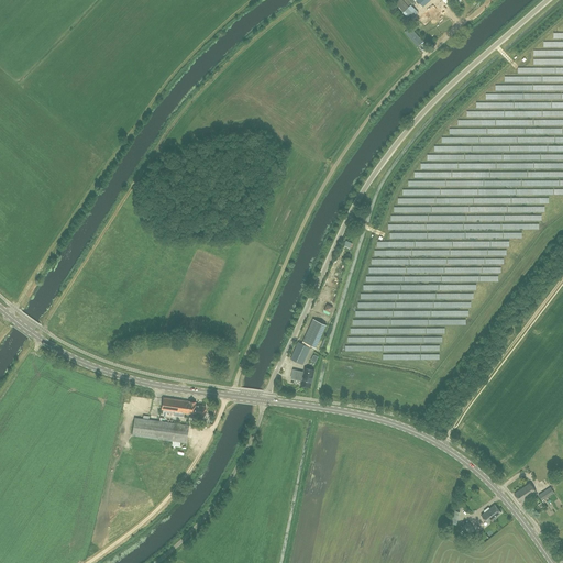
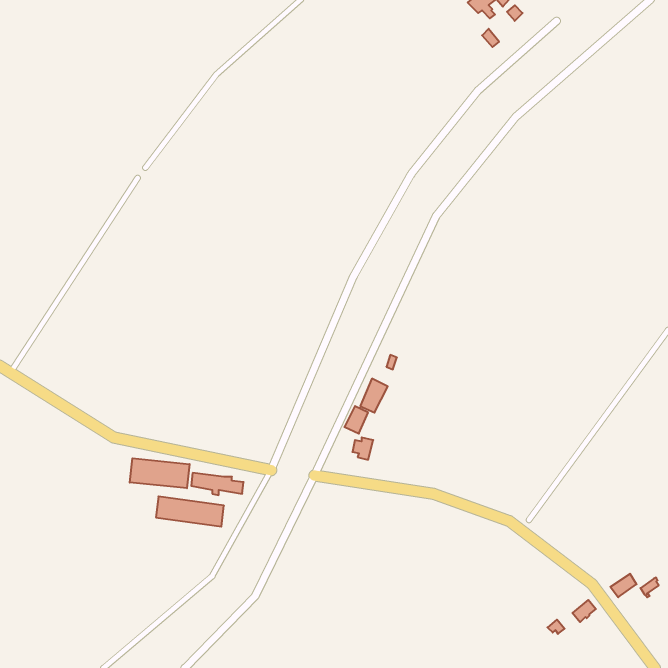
building: none -> [130,458,190,488]

